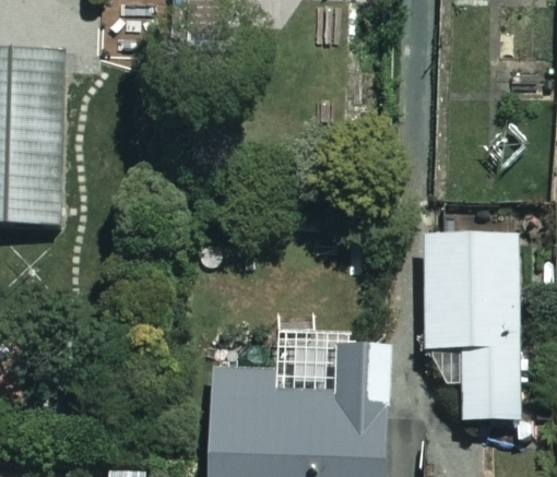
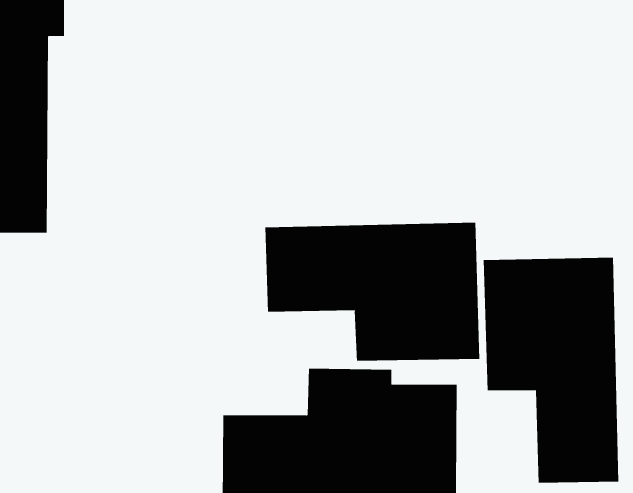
building: none -> [265,222,480,361]

